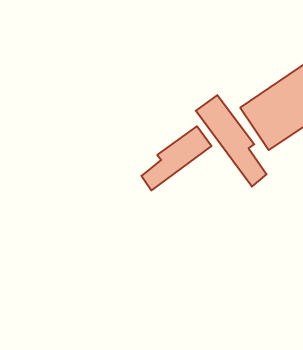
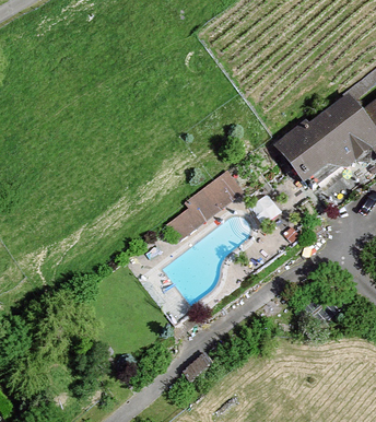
building: [196,95,267,187] -> none

